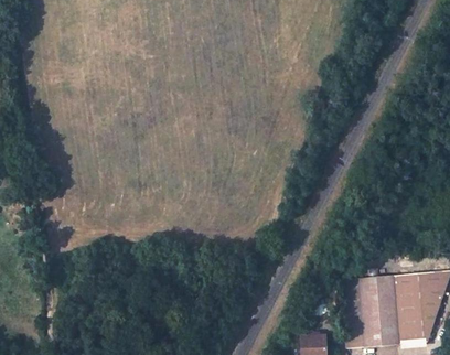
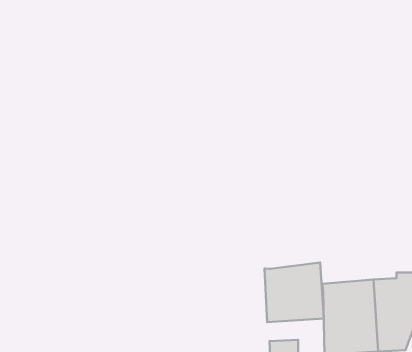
building: none -> [265,263,324,322]

